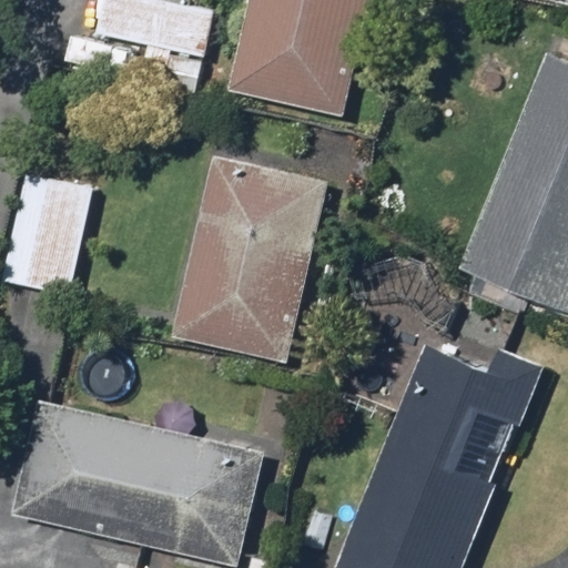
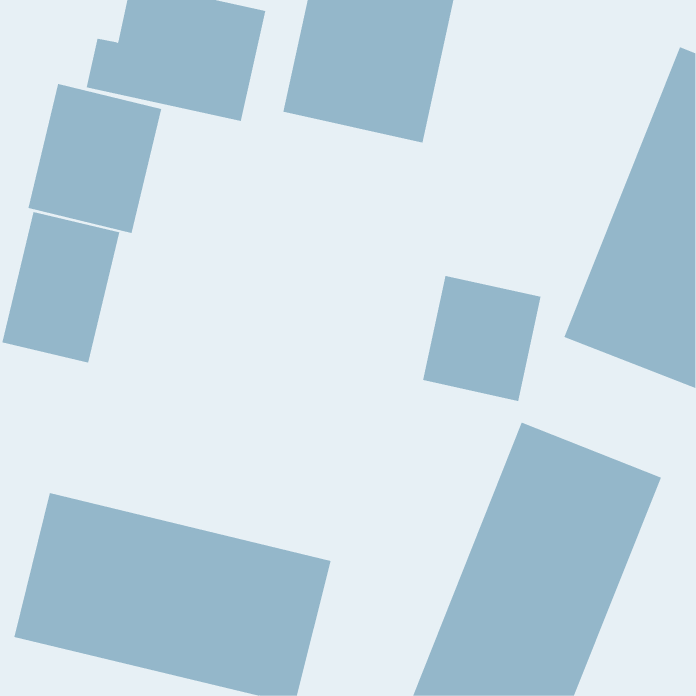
building: none -> [28,83,162,234]
building: [169,153,332,359] -> none
building: none -> [422,275,541,402]

